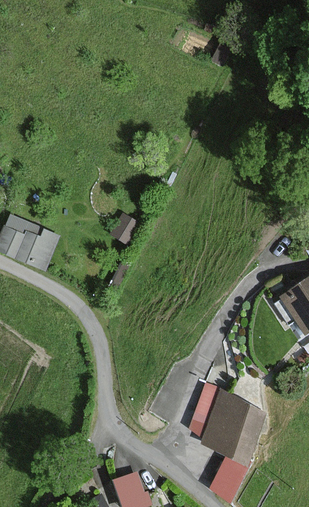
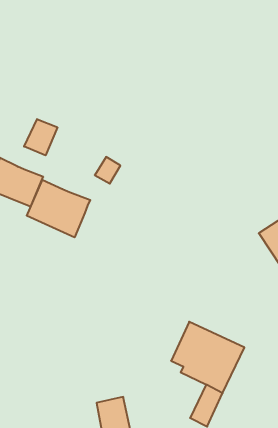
building: none -> [24,119,57,155]
building: none -> [27,180,90,237]

